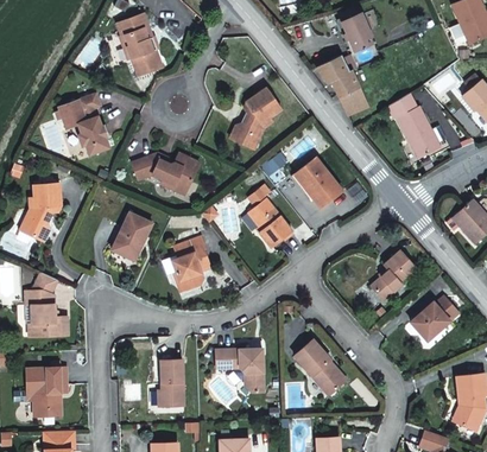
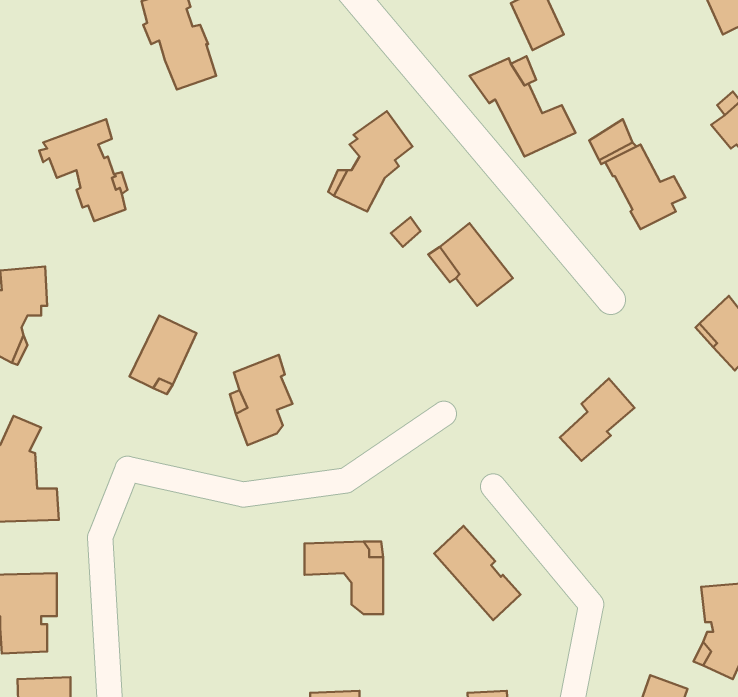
building: [132,152,200,193] -> none
building: [248,197,291,247] -> none
building: [411,294,458,339] -> none
building: [160,359,184,406] -> none

